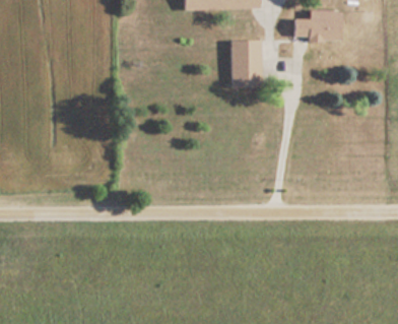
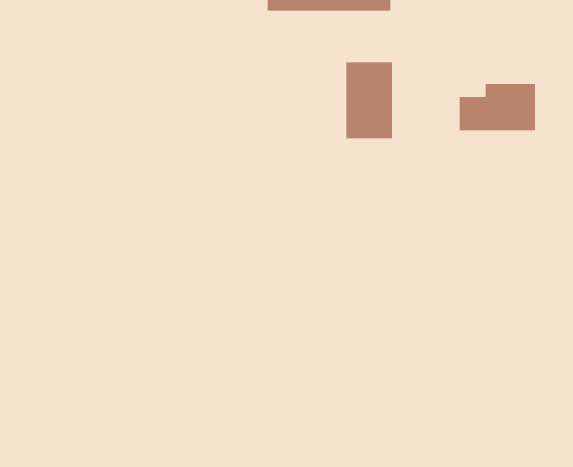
building: [293,10,341,40] -> [459,83,536,131]

